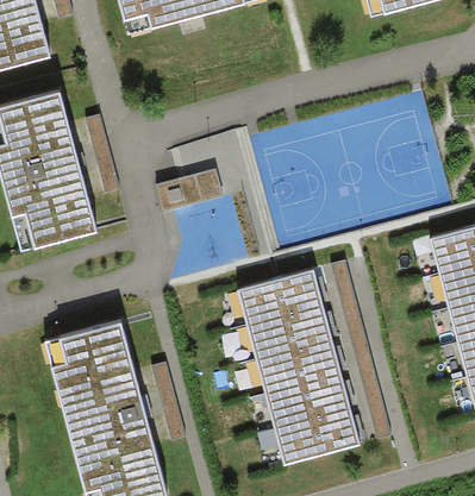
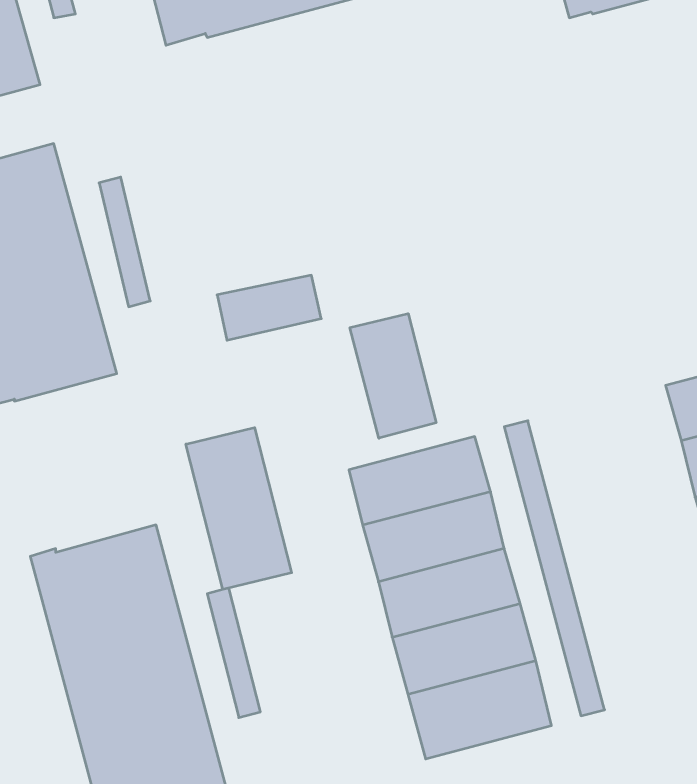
building: none -> [350,314,436,438]
building: none -> [186,428,292,589]

